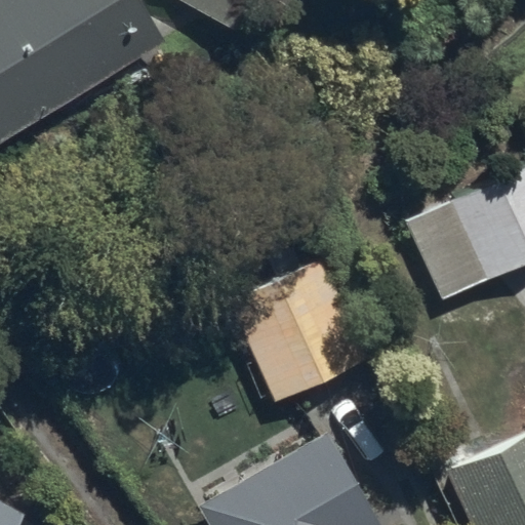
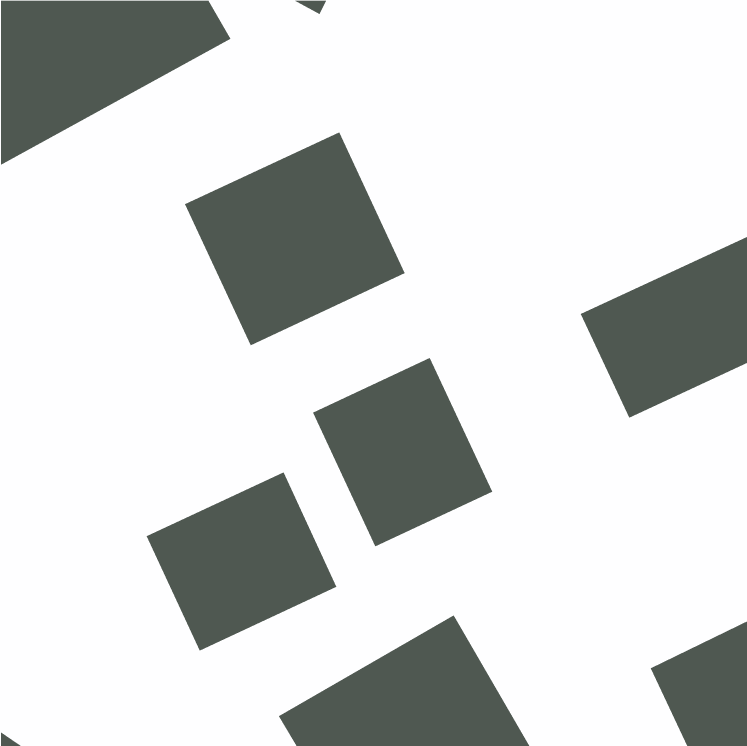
building: none -> [184,131,406,346]
building: none -> [146,472,337,651]

